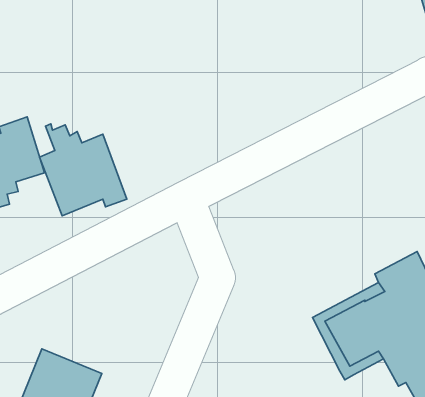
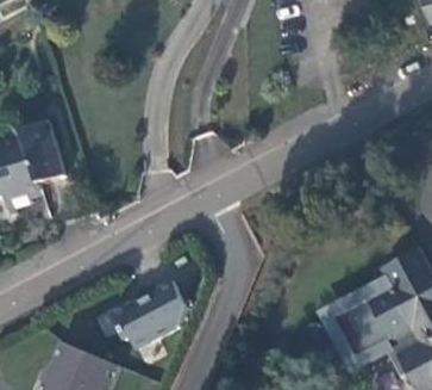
building: [40,124,127,216] -> none
building: none -> [109,281,186,348]

